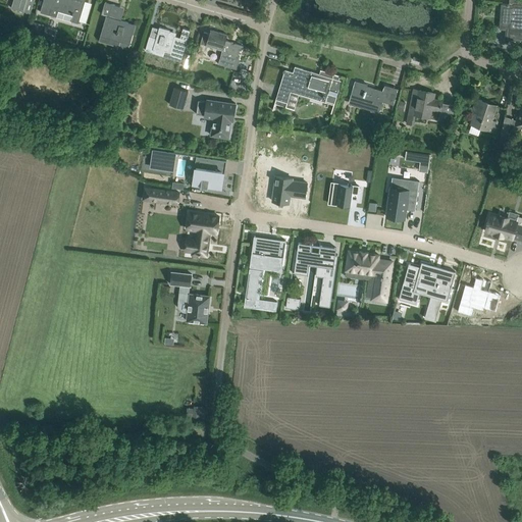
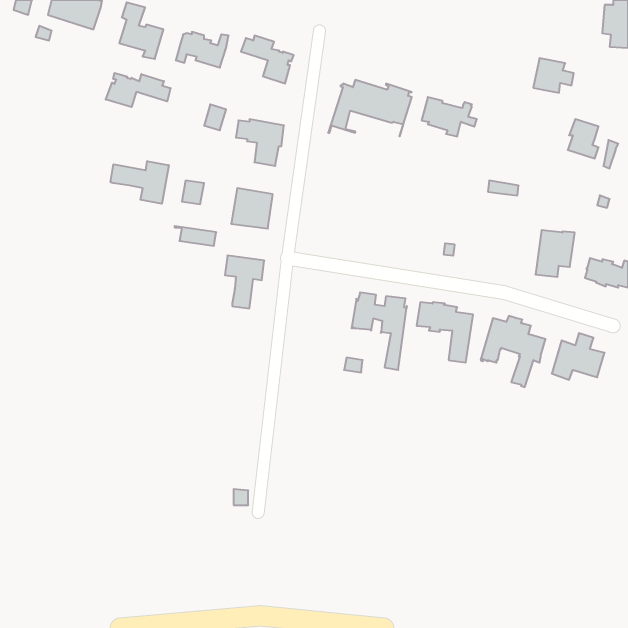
building: none -> [106,73,171,107]
building: [409,89,442,117] -> [533,58,574,93]
building: none -> [111,161,169,204]
building: [272,175,307,203] -> none
building: [386,179,419,218] -> [535,230,575,277]
building: [330,182,360,207] -> none
building: [244,236,286,307] -> none
building: [170,272,210,323] -> none

